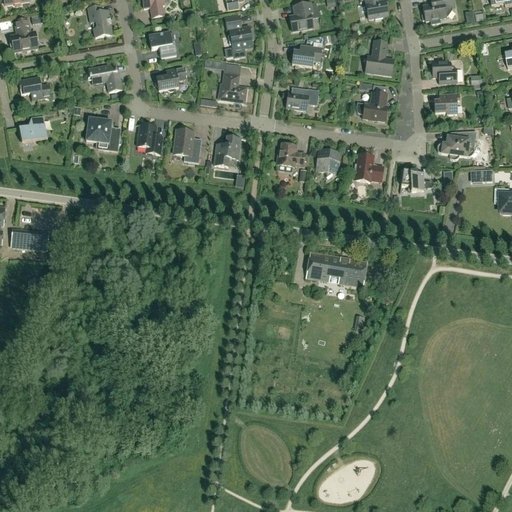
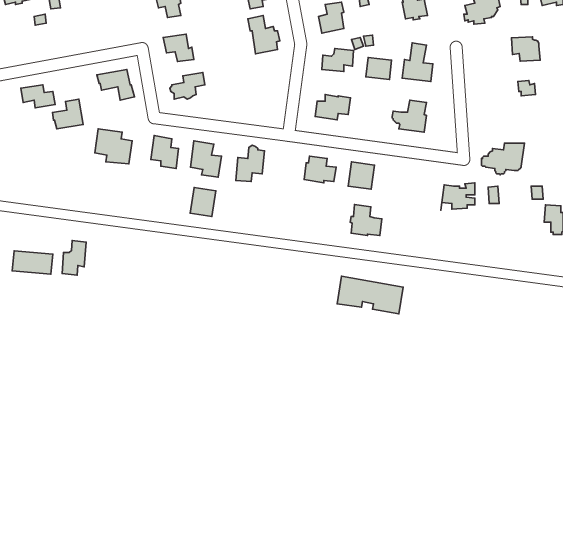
building: [88,4,112,36] -> none
building: [9,18,37,51] -> none
building: none -> [366,58,392,79]
building: [431,60,457,82] -> [511,37,540,61]
building: [218,72,246,101] -> none
building: [434,92,459,113] -> none
building: [19,114,47,141] -> [52,99,83,129]
building: [354,152,383,180] -> [350,205,382,235]
building: none -> [190,187,216,217]
building: none -> [62,241,86,275]

